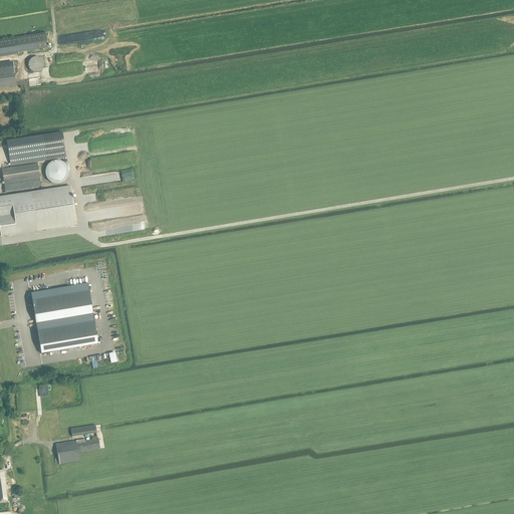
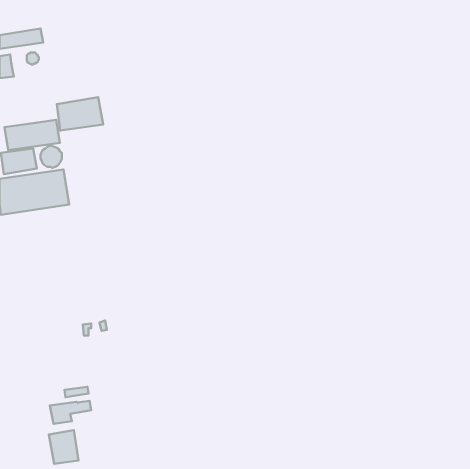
building: none -> [57,97,103,131]
building: [30,281,97,351] -> none
building: none -> [49,430,78,464]

